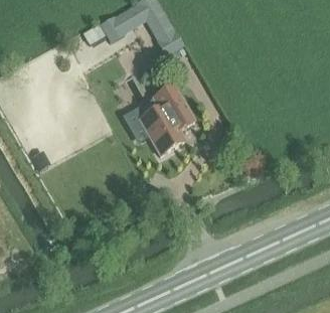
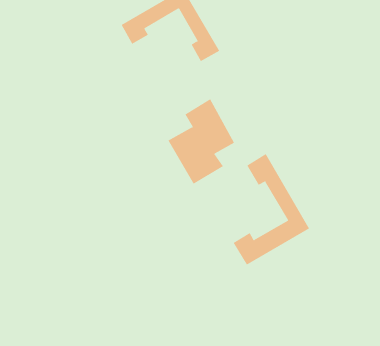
building: none -> [233,153,310,266]

